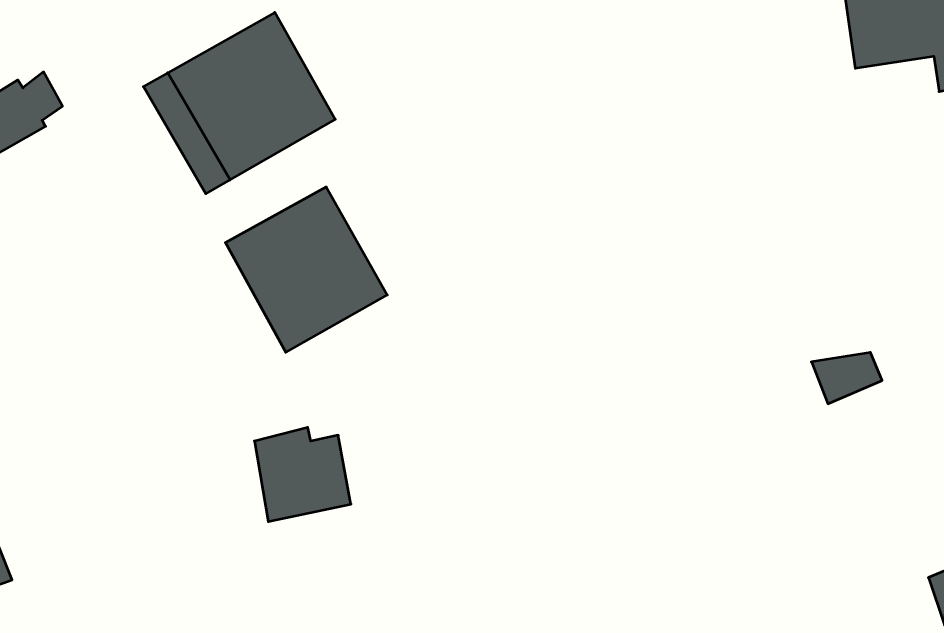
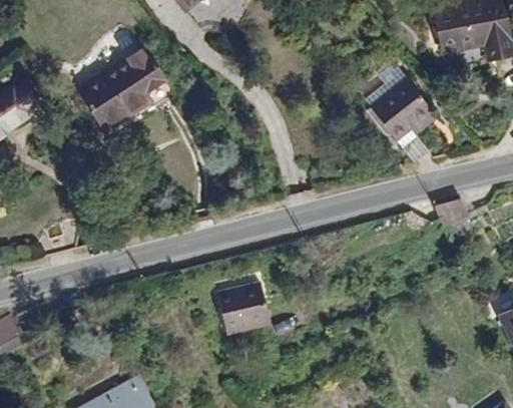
building: none -> [375,82,435,161]
building: [225,187,387,352] -> none
building: [254,427,351,522] -> [218,284,271,334]

